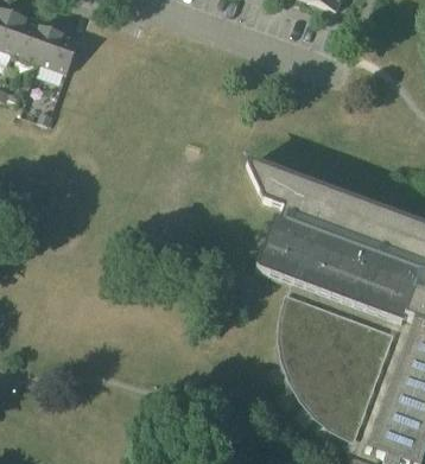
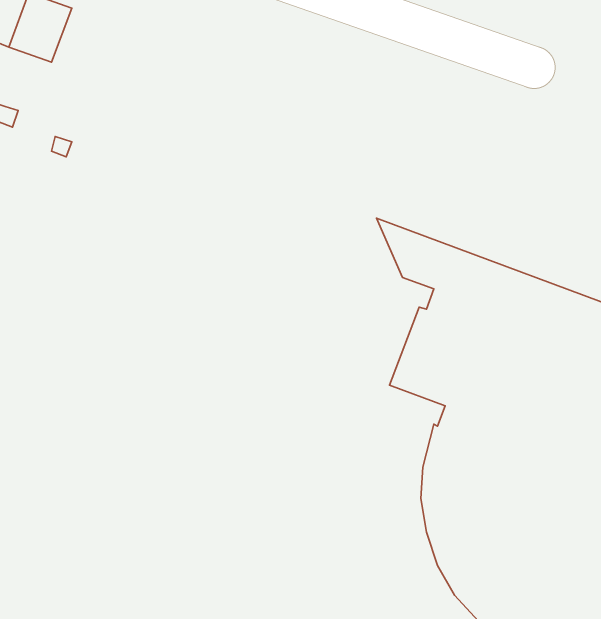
building: [39,27,78,71] -> none

